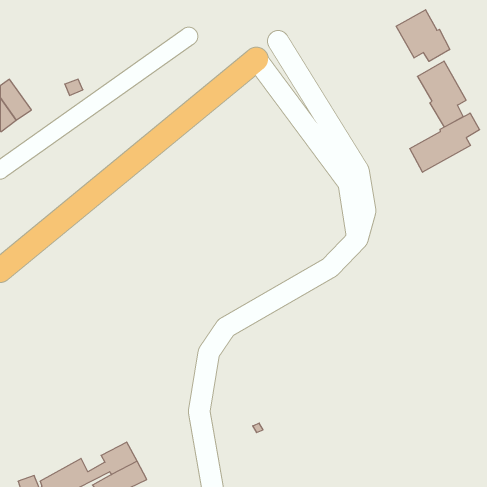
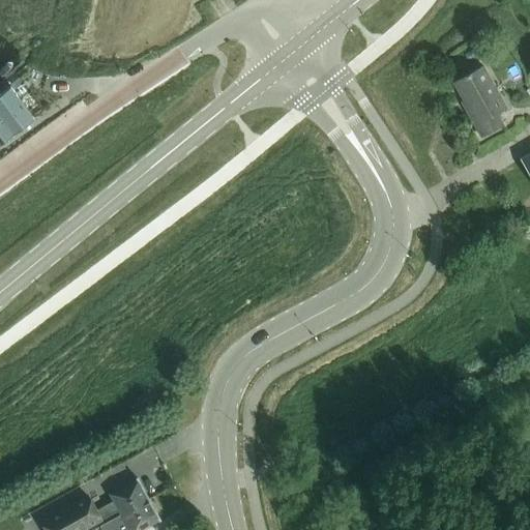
building: [396,10,450,61] -> none
building: [410,113,480,172] -> none

